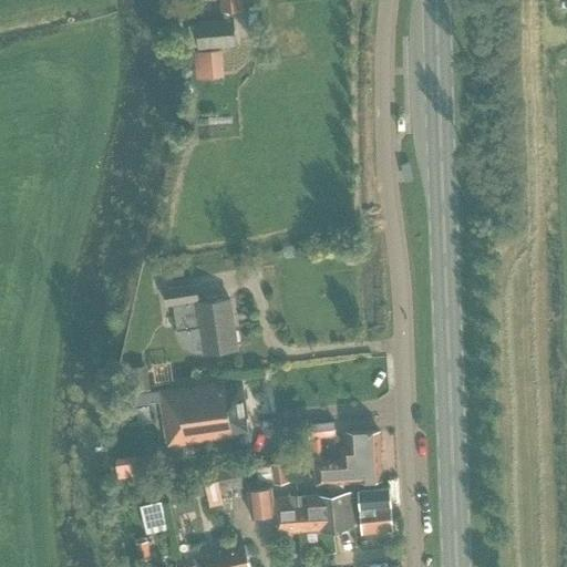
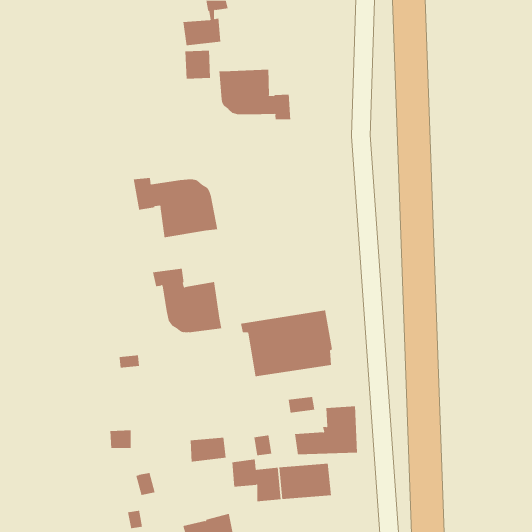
building: none -> [219,69,291,120]
building: none -> [133,177,218,238]
building: [151,378,249,449] -> [240,310,333,377]
building: [358,487,392,534] -> none

